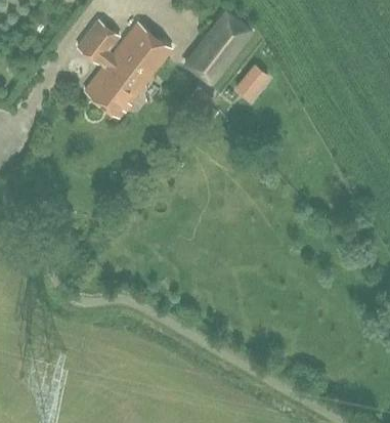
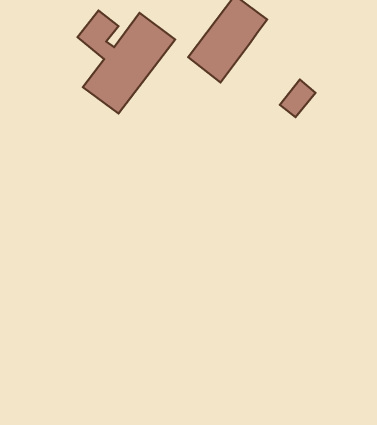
building: [234,62,267,97] -> [280,79,315,117]

